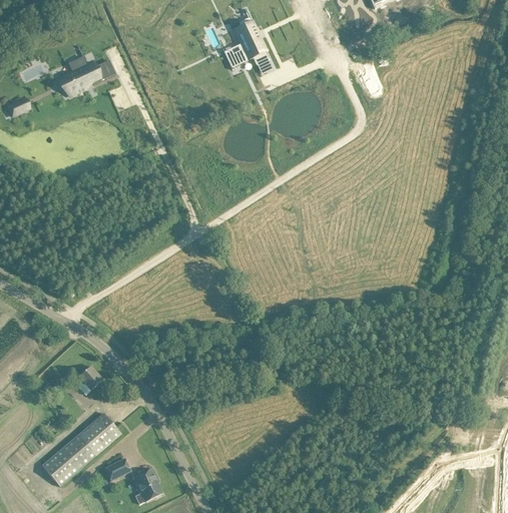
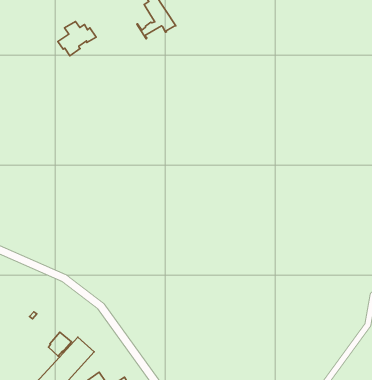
building: [58,56,104,96] -> [58,21,96,56]
building: [74,366,102,394] -> [48,332,71,356]

